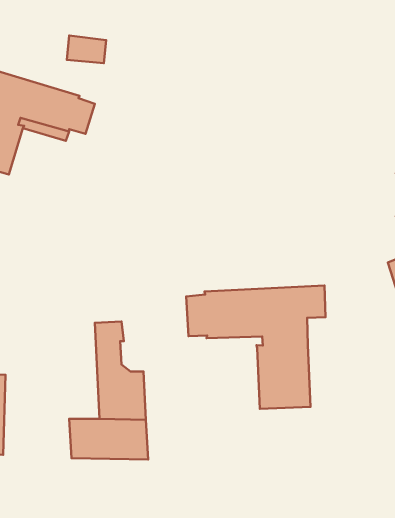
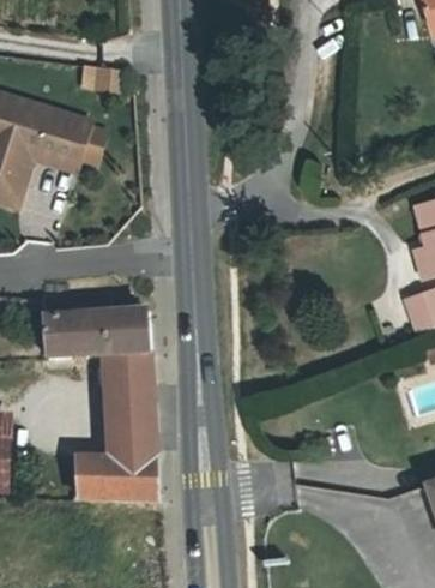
building: none -> [35,294,155,409]
building: [186,286,326,409] -> none

